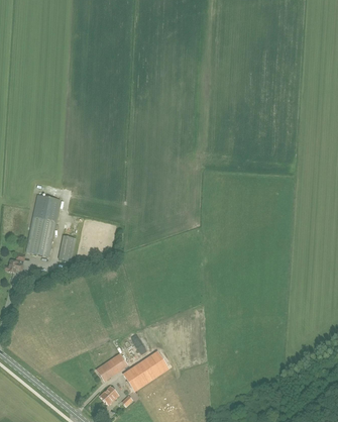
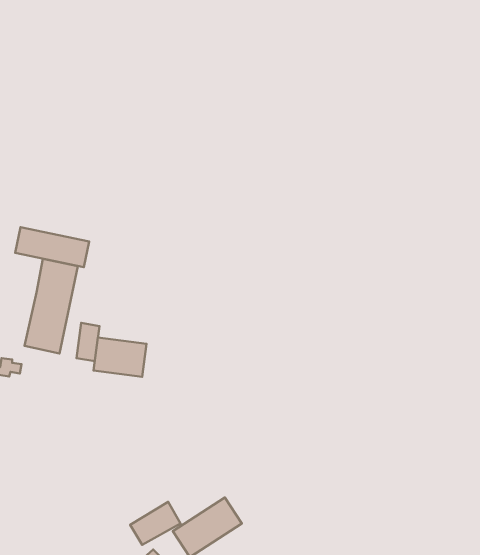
building: none -> [15,227,89,267]
building: none -> [94,337,146,377]

